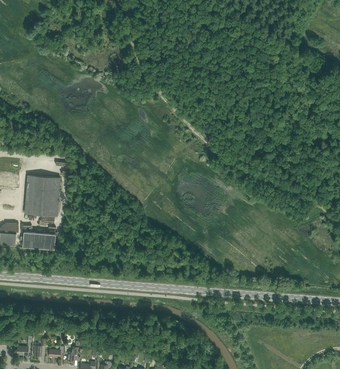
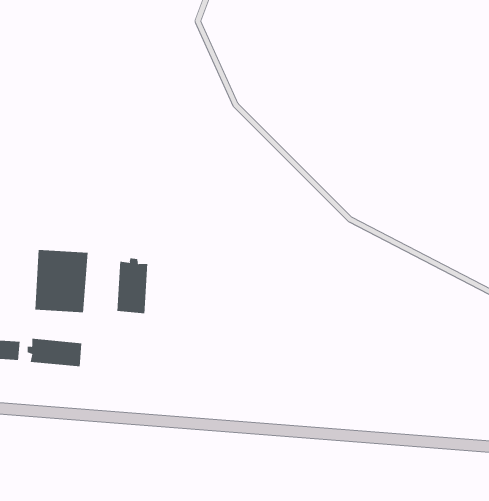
building: none -> [117,258,148,314]

